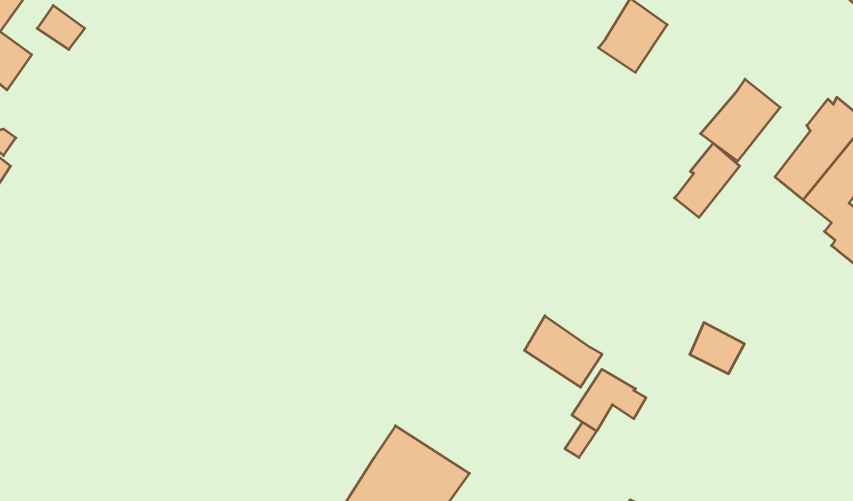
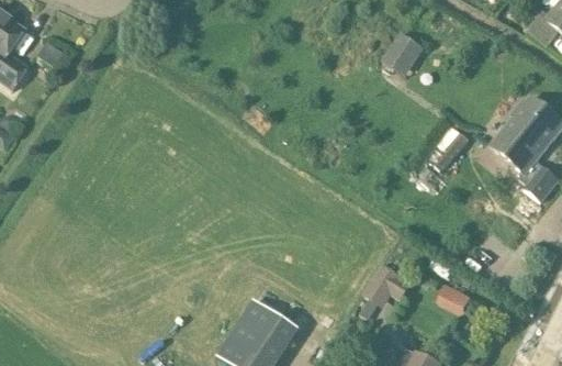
building: [700,79,780,161] -> none
building: [524,316,602,387] -> none
building: [690,323,744,374] -> [438,280,472,312]

